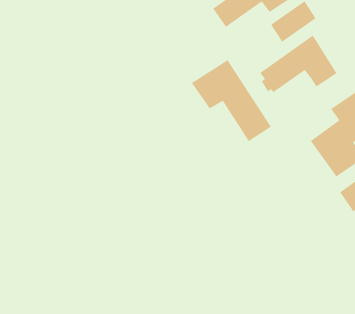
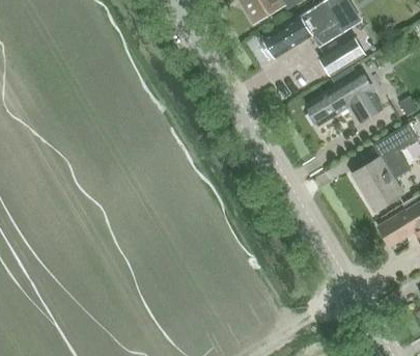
building: [191,59,272,142] -> none

